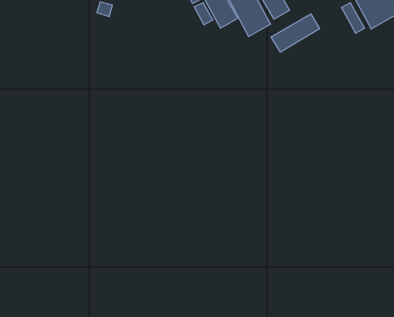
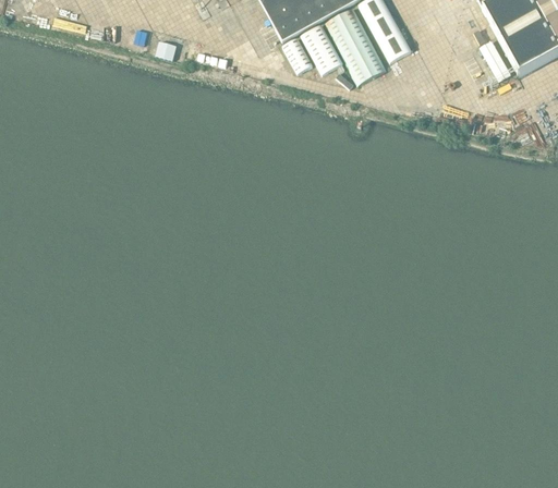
building: [271,14,319,52] -> none

